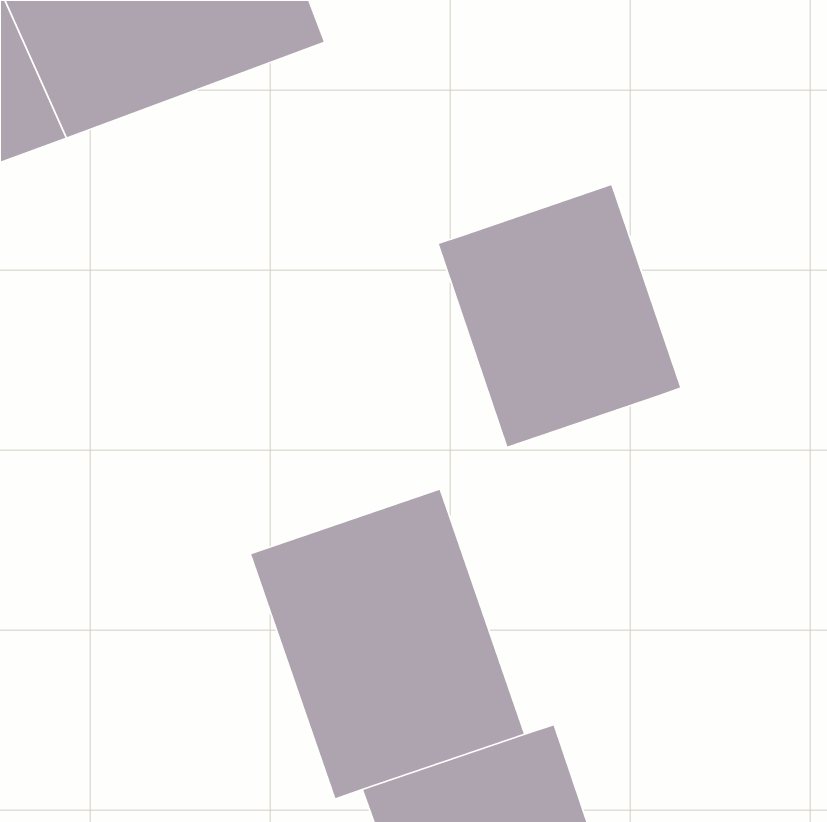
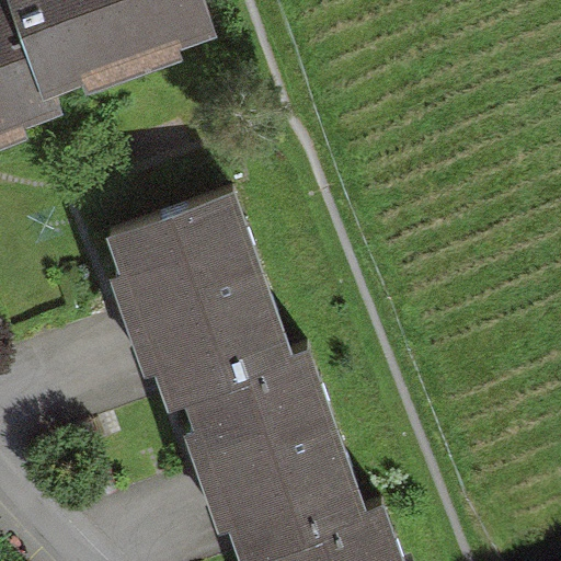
building: [438,184,681,447] -> none
building: none -> [103,181,283,383]

